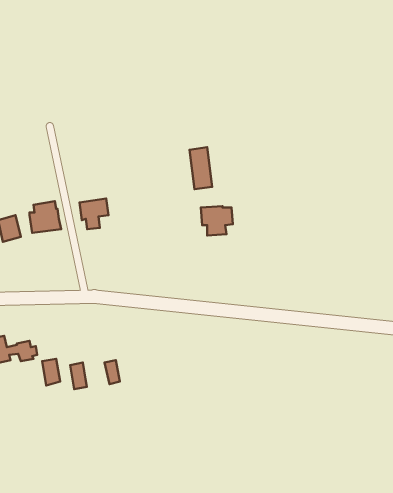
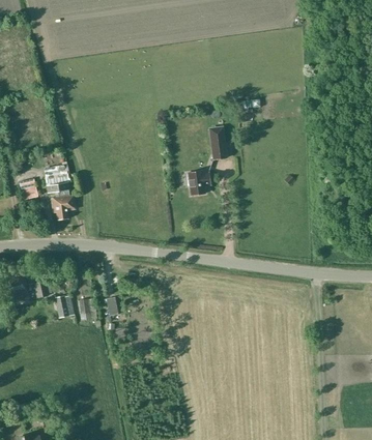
building: [189,147,212,189] -> [209,125,228,159]
building: [79,199,109,229] -> [52,195,76,219]

